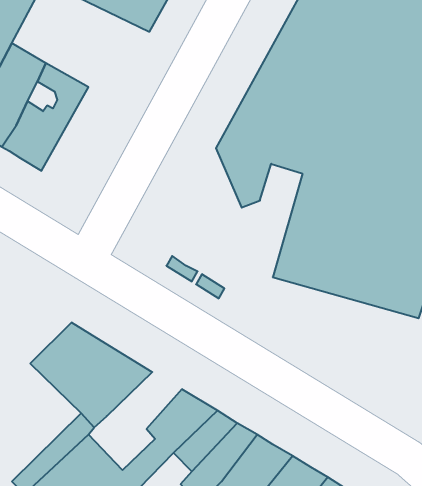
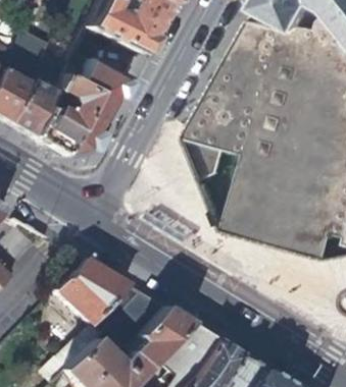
building: none -> [63,56,128,150]

